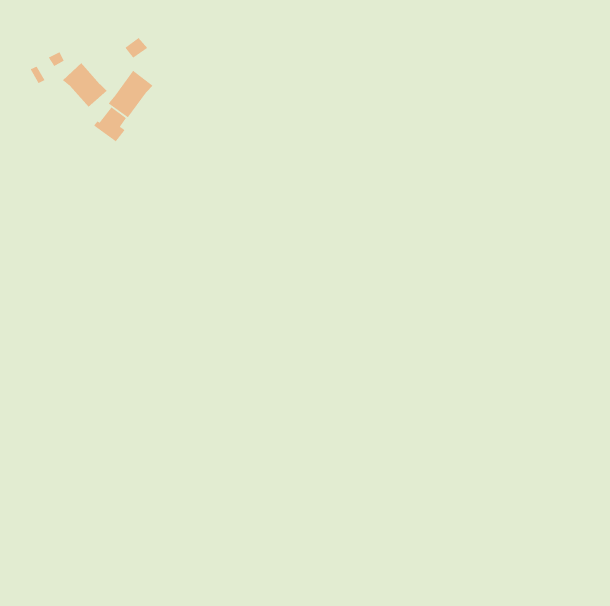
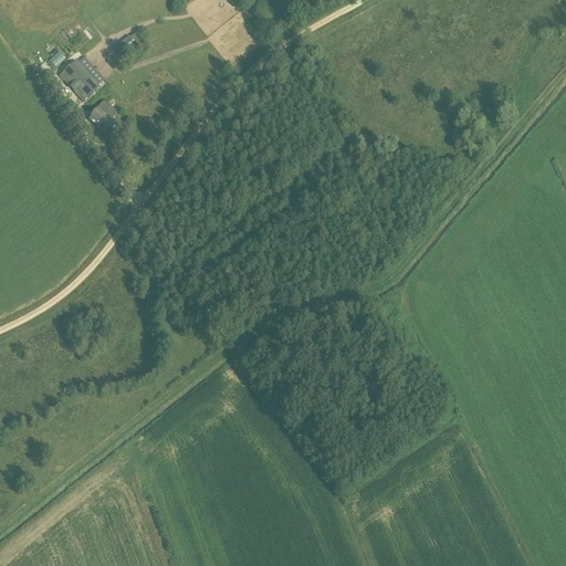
building: [108,70,154,118] -> none

